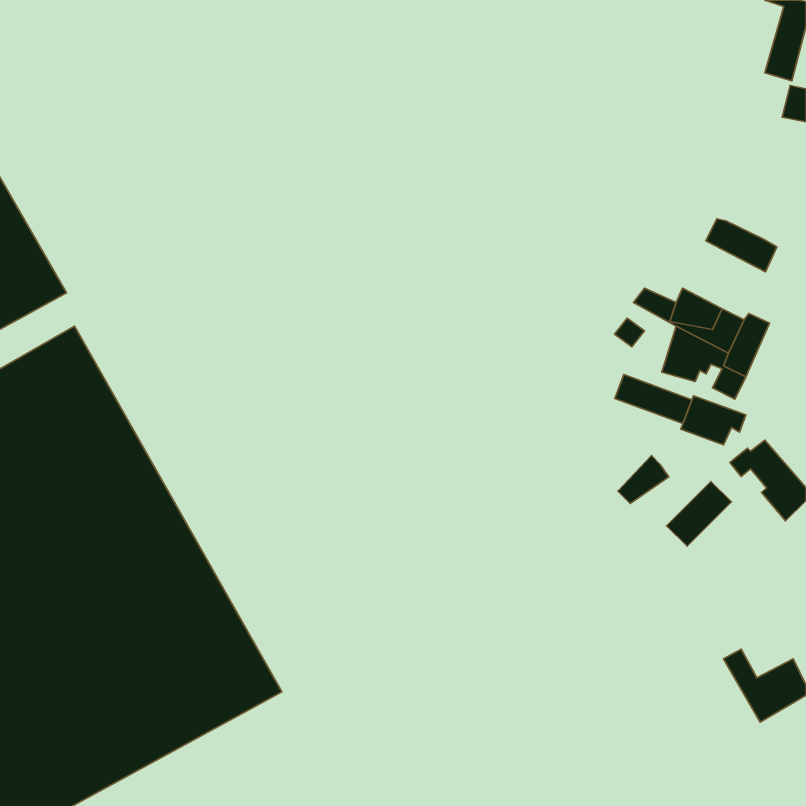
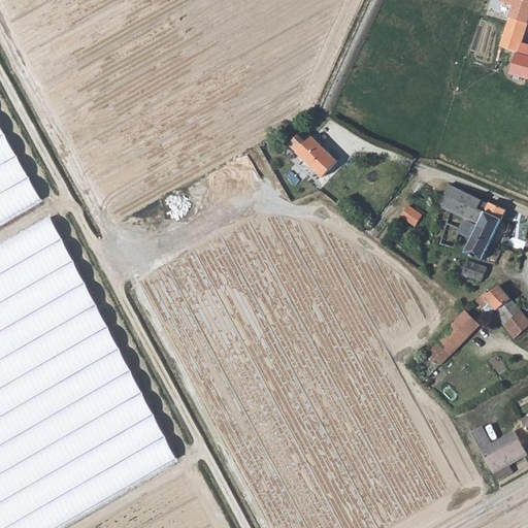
building: none -> [290,139,338,182]
building: [706,219,777,272] -> none
building: [615,375,692,424] -> none
building: [618,455,669,504] -> none

